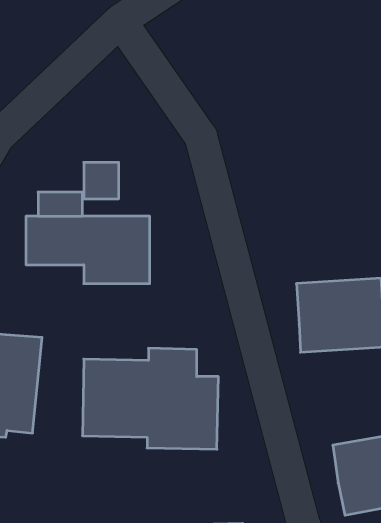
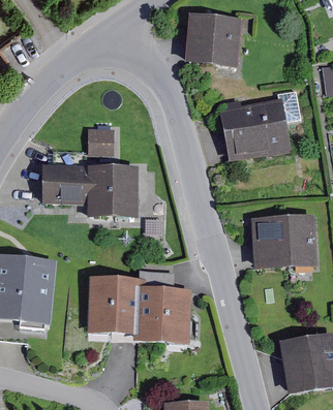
building: none -> [185,15,243,69]
building: none -> [219,89,302,162]

